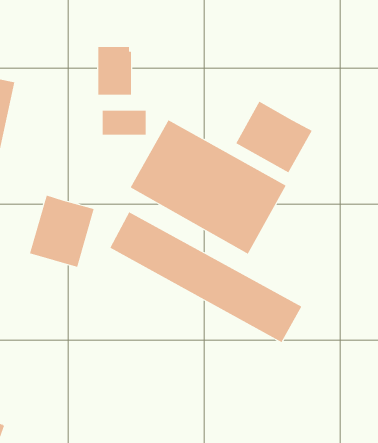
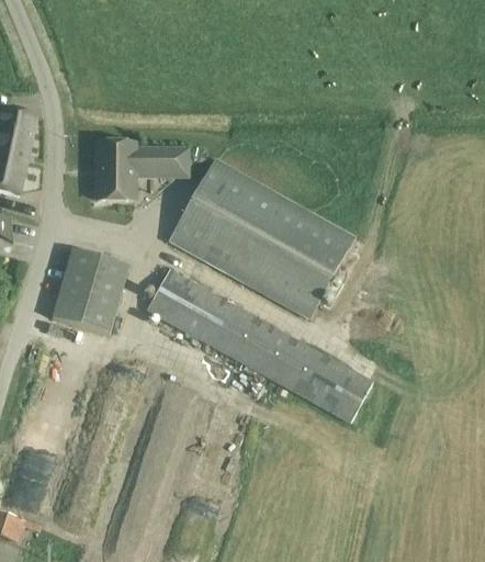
building: [97,47,132,95] -> [97,143,137,200]
building: [235,101,312,173] -> none

